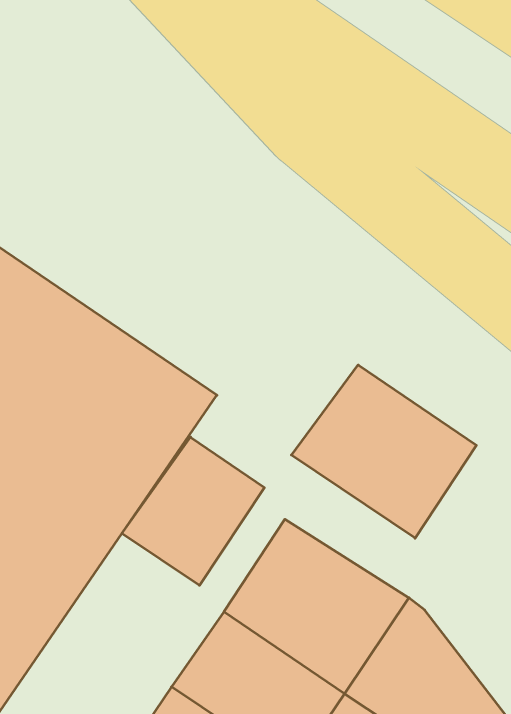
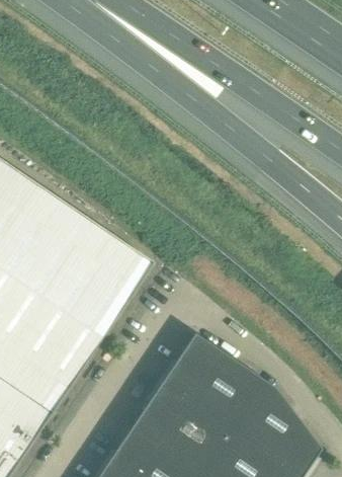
building: [291,365,476,538] -> none
building: [122,437,264,585] -> none

